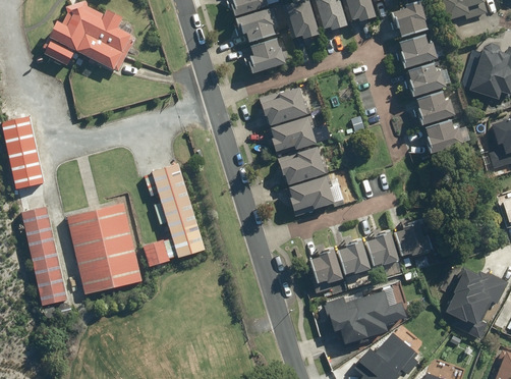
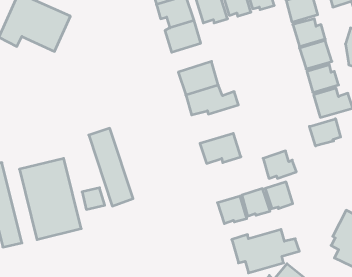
building: [279,146,328,185] -> none
building: none -> [309,119,341,146]
building: [395,222,436,256] -> [263,151,296,178]

